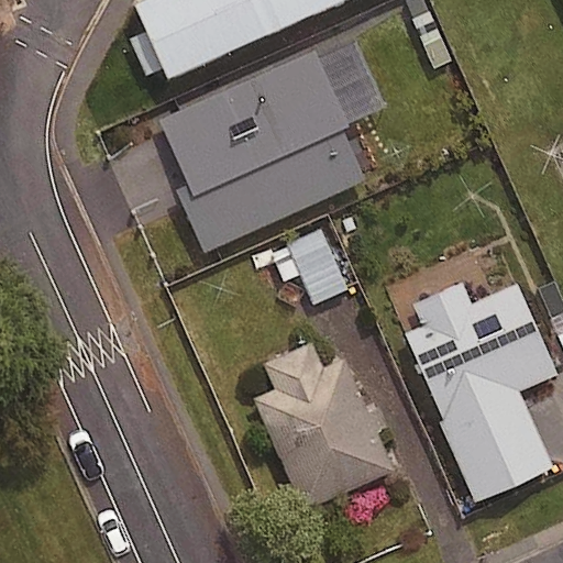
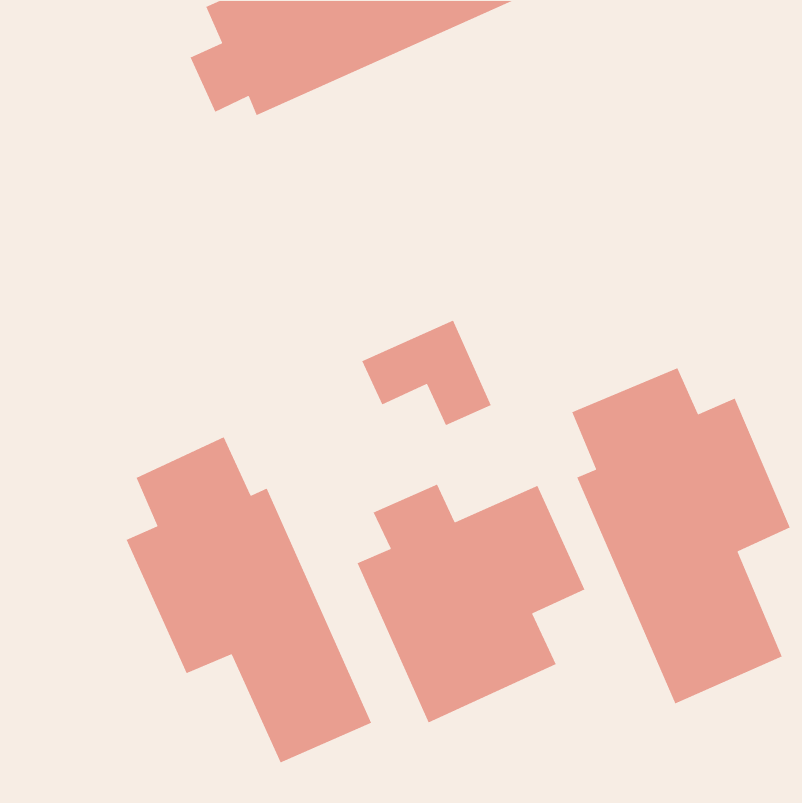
building: [157,49,367,249] -> none
building: none -> [125,436,372,763]

